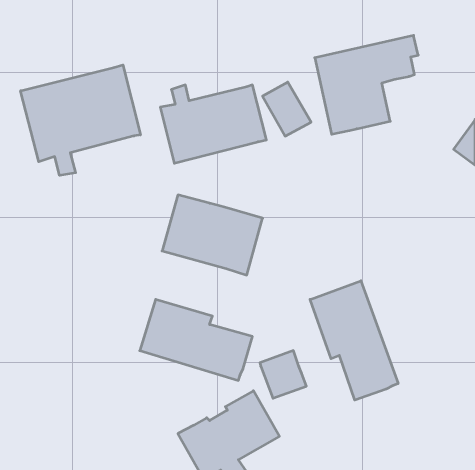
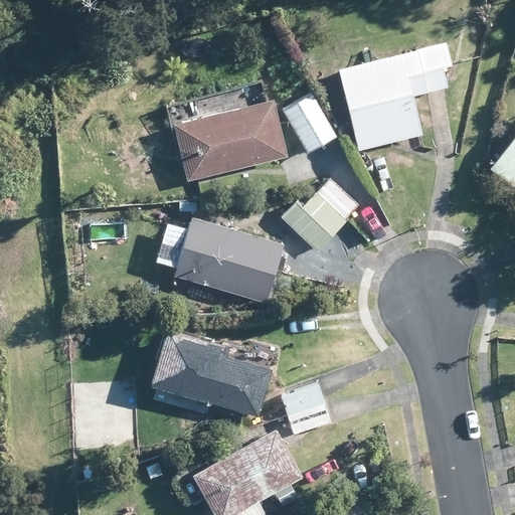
building: [21,65,140,175] -> none
building: none -> [304,180,358,234]
building: [310,281,398,400] -> none

